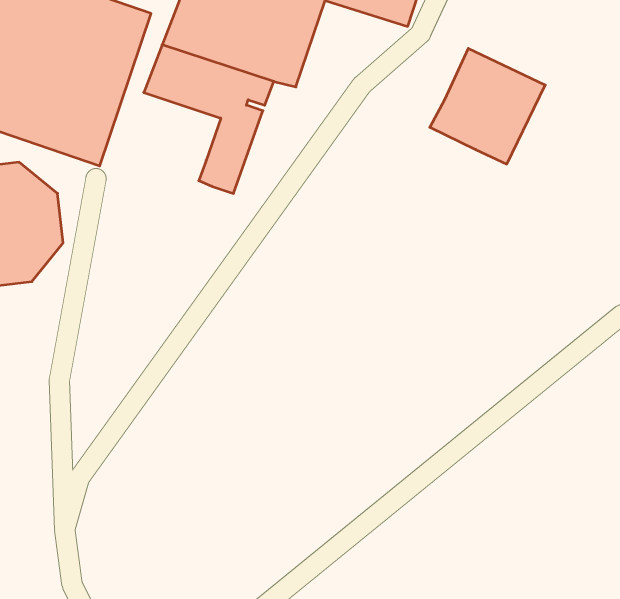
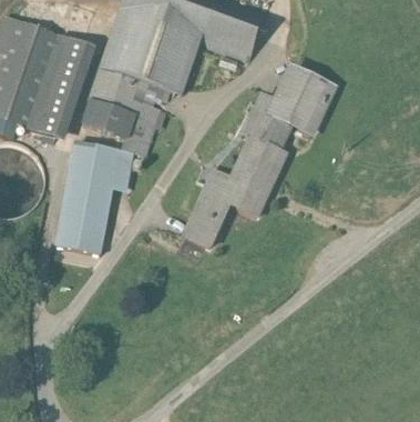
building: none -> [81,96,136,137]
building: none -> [180,96,290,247]
building: none -> [59,143,131,247]

